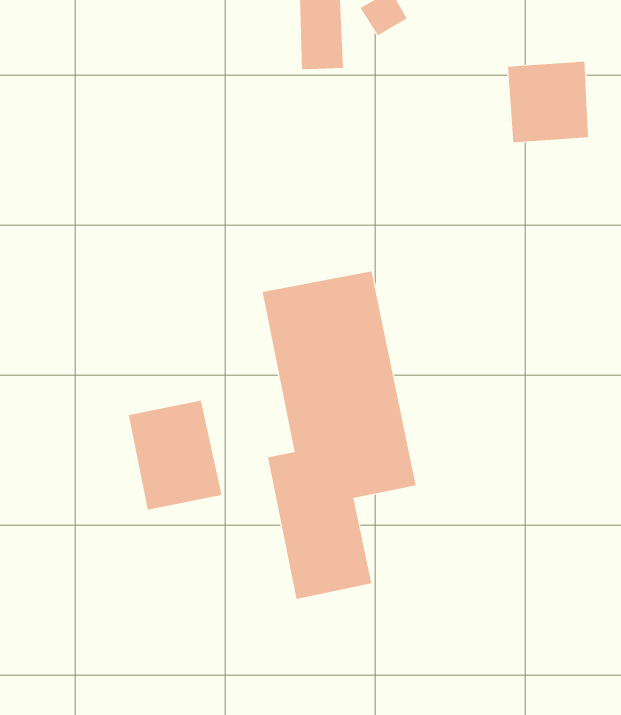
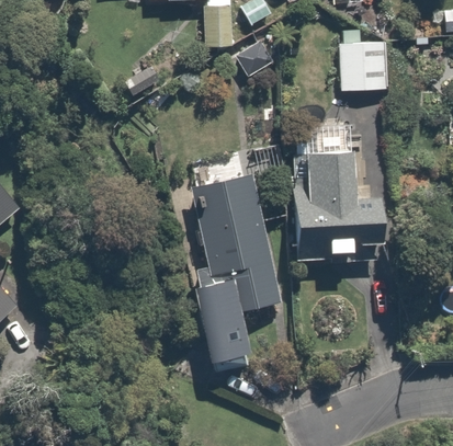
building: none -> [291,149,375,265]
building: [128,400,222,511] -> none

